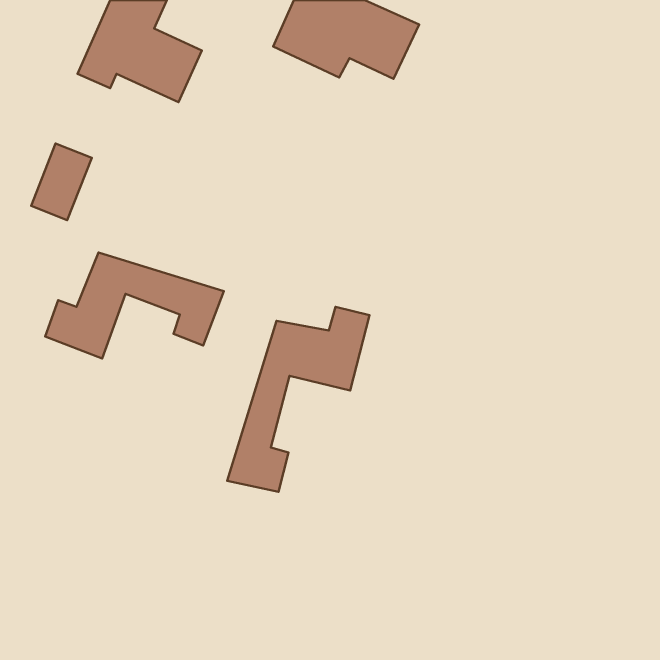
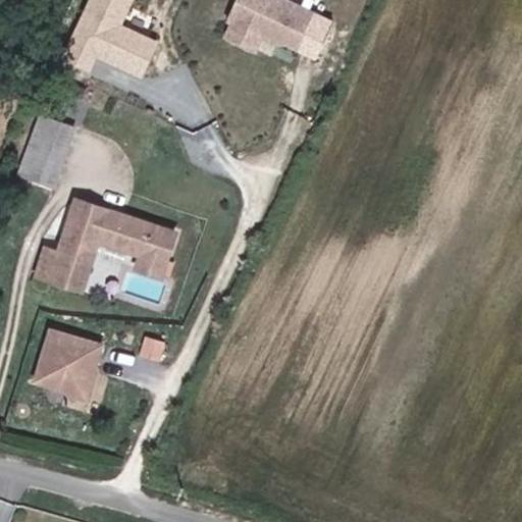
building: [227,307,369,492] -> none
building: none -> [34,325,111,409]

